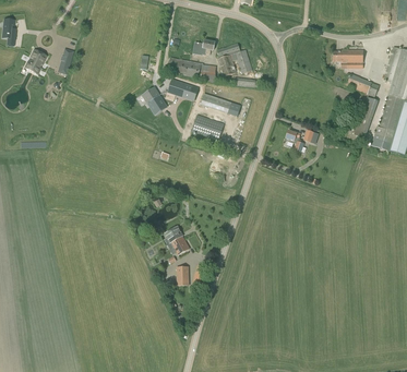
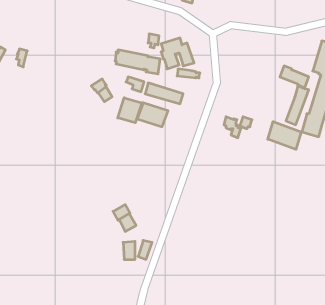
building: [333,49,363,68] -> none
building: none -> [118,98,142,123]
building: none -> [268,122,301,149]

